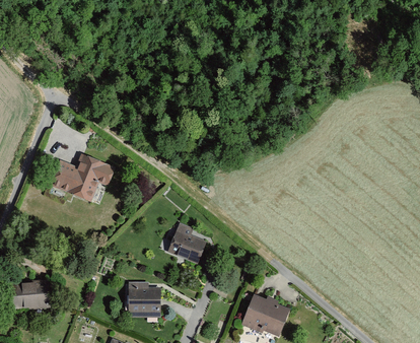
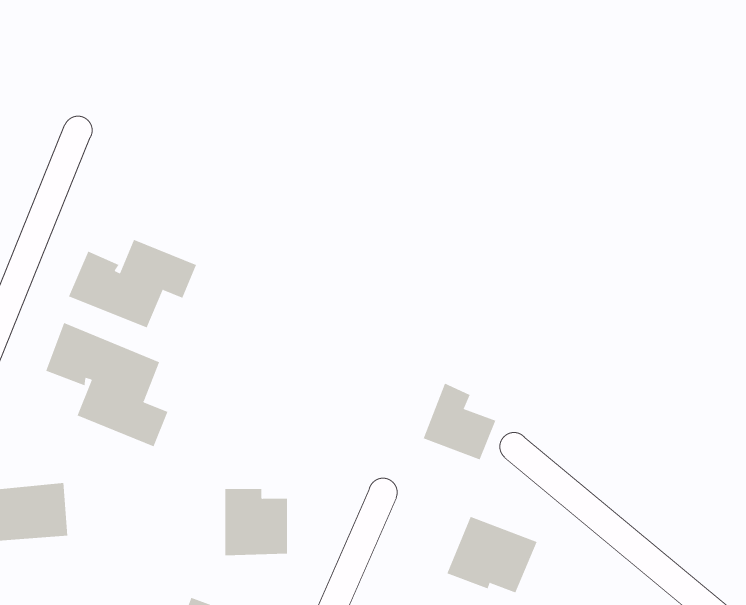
building: none -> [45,322,168,447]
building: [168,223,206,263] -> [423,383,496,460]

